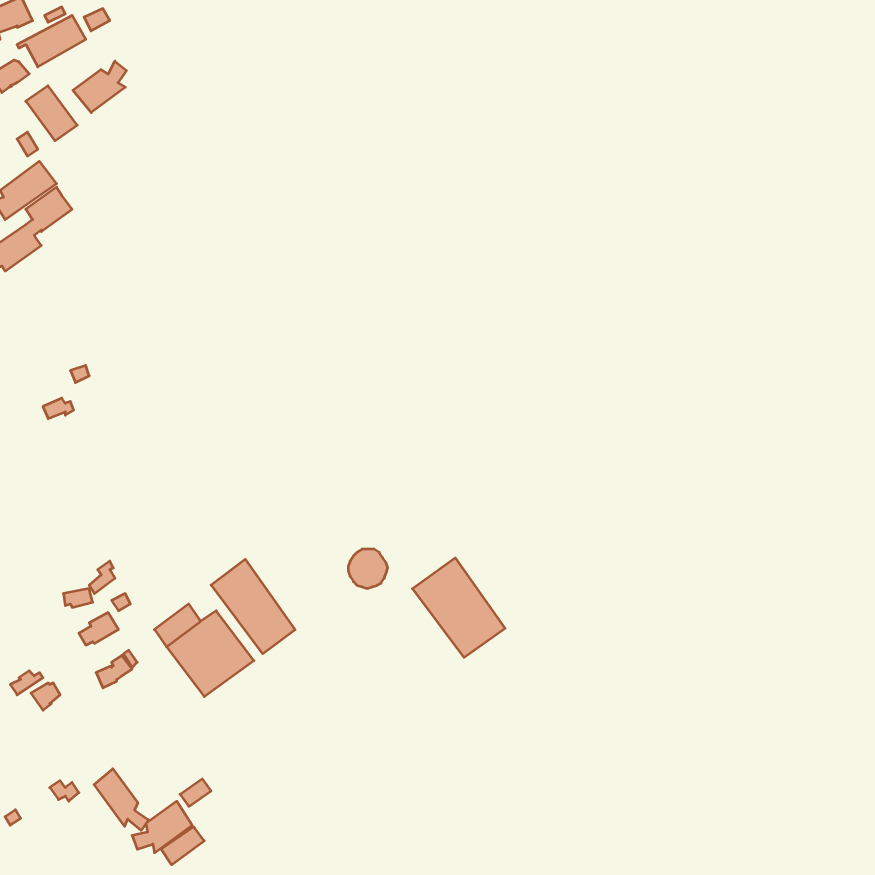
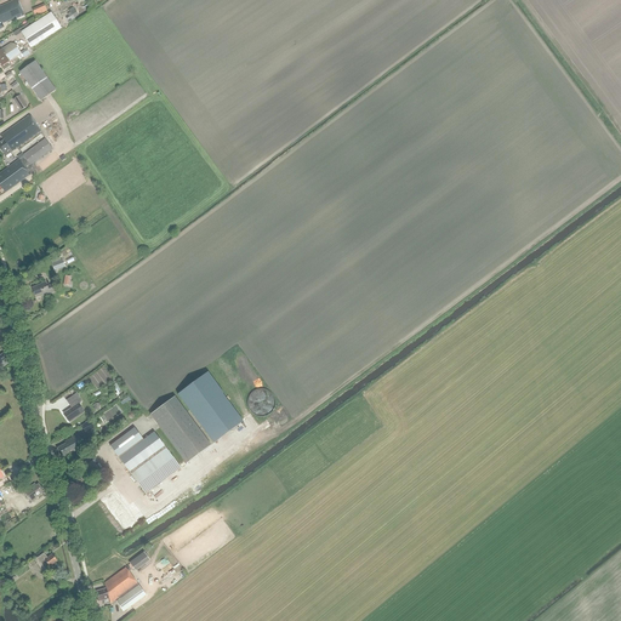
building: [73,61,126,113] -> none
building: [412,558,505,657] -> [176,371,241,441]
building: [94,769,148,830] -> none

